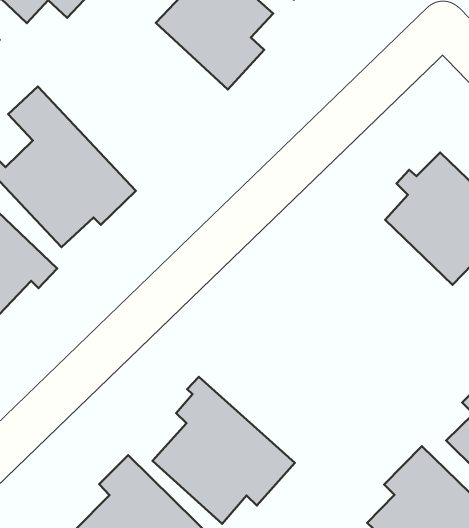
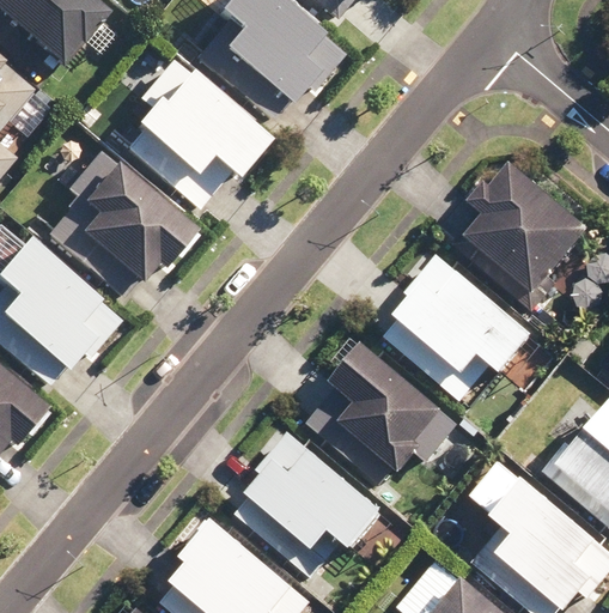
building: none -> [123,60,263,207]
building: none -> [378,247,537,402]
building: none -> [309,336,447,482]

